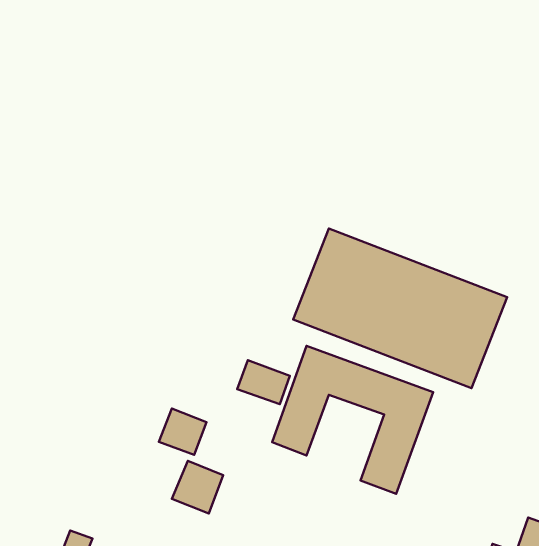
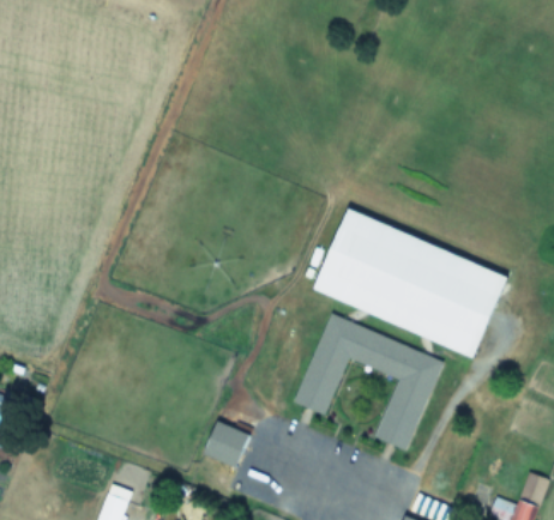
building: [237,360,290,404] -> none
building: [159,408,206,455] -> none

